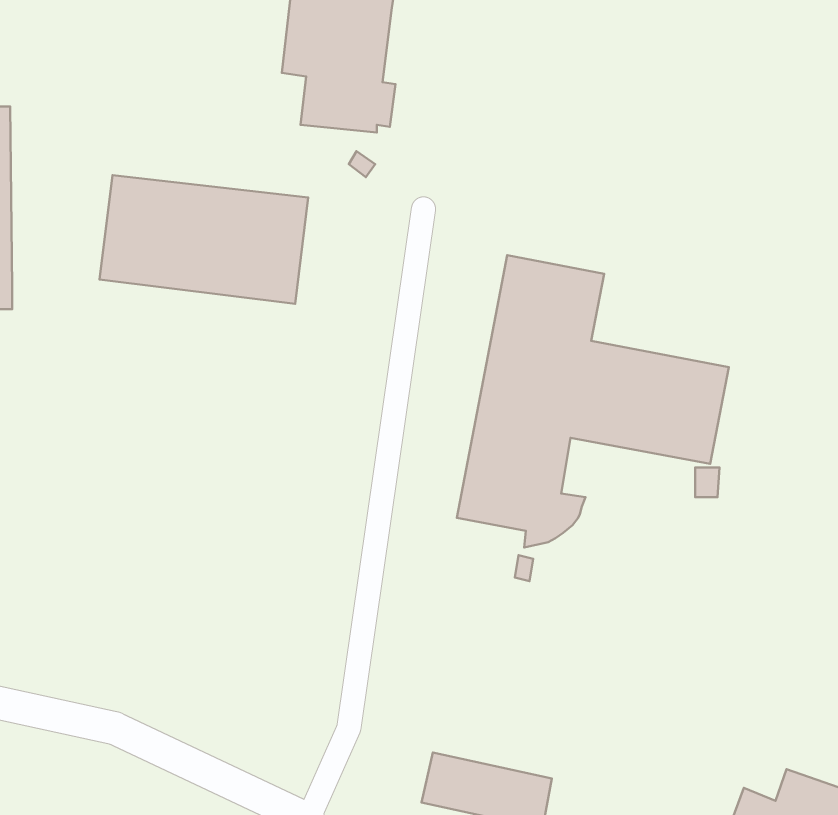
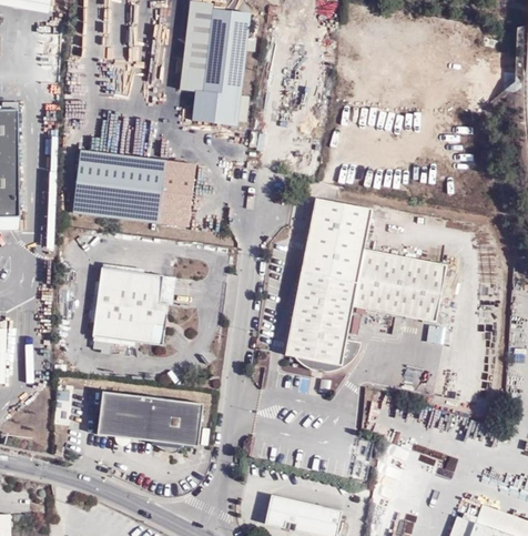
building: none -> [92,263,175,353]
building: none -> [97,391,201,451]

